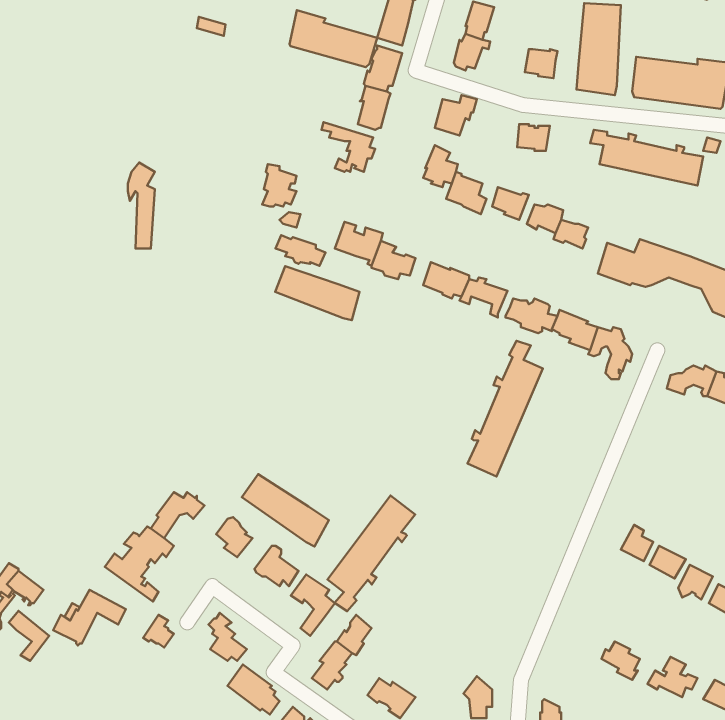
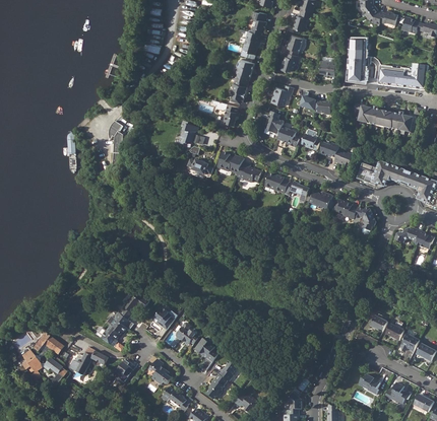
building: [289,10,377,67] -> none
building: [275,266,359,320] -> none
building: [468,341,543,476] -> none
building: [242,474,329,547] -> none
building: [327,495,415,611] -> none

